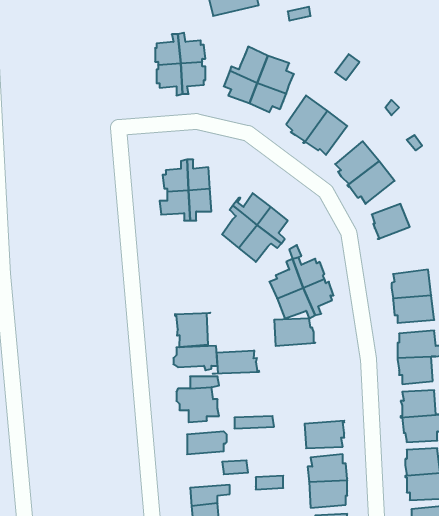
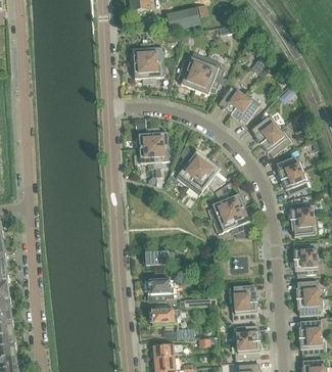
building: none -> [280,172,307,195]
building: [175,313,210,347] -> none
building: [274,318,315,346] -> [230,285,257,304]
building: [213,350,259,374] -> none

